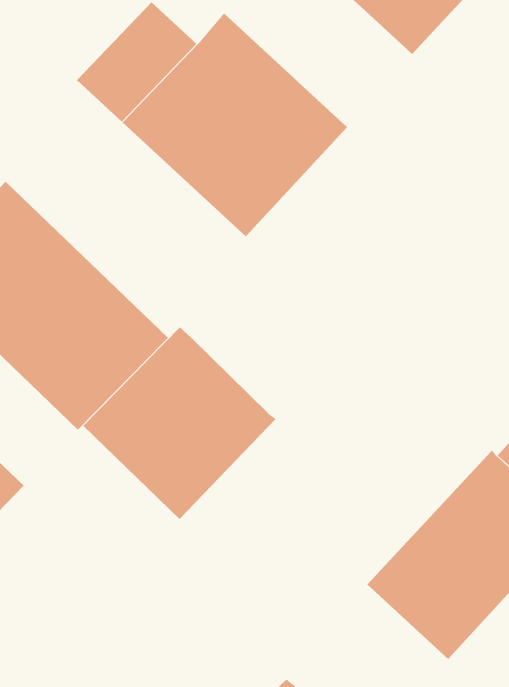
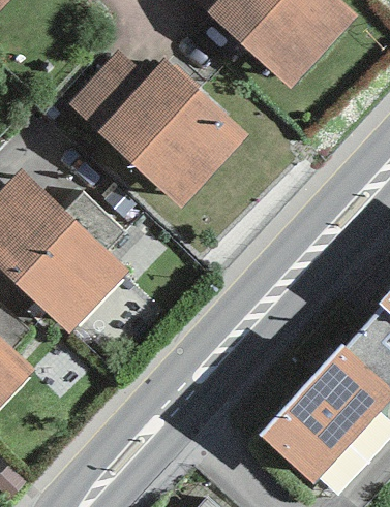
building: [83,327,276,520] -> none

